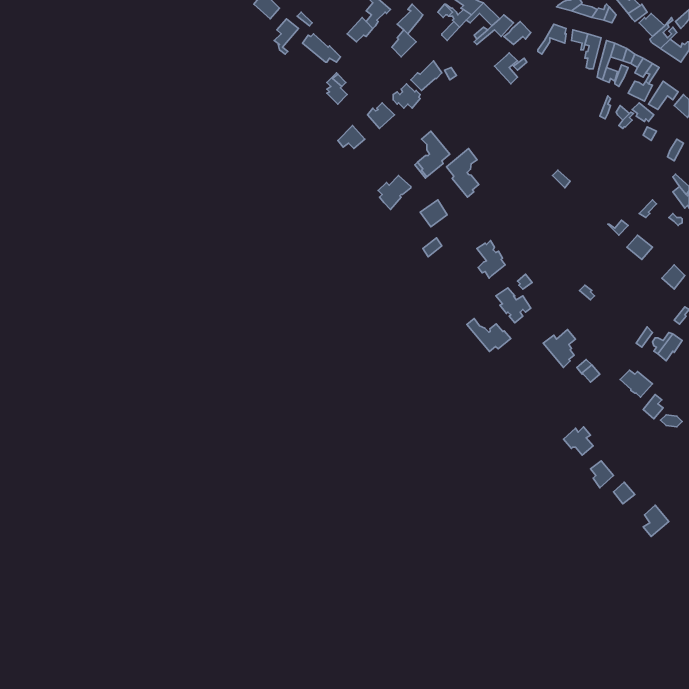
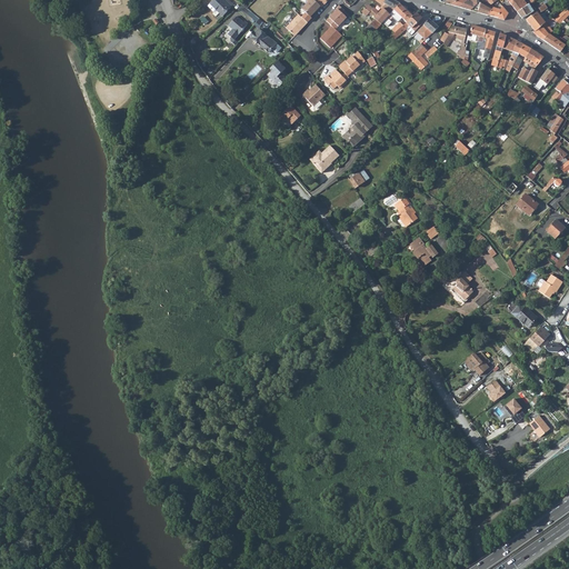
building: [446,149,479,197] -> none
building: [467,319,511,352] -> none

